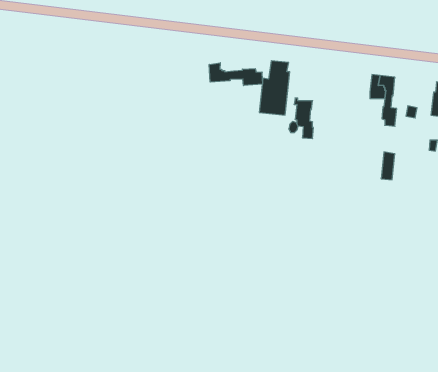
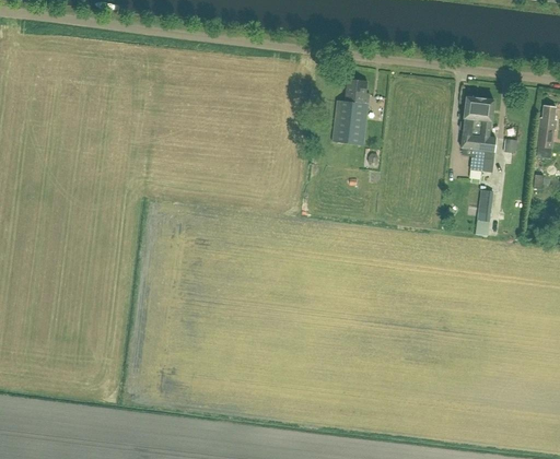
building: [209,63,262,86] -> none
building: [294,98,313,139] -> [459,122,482,170]

